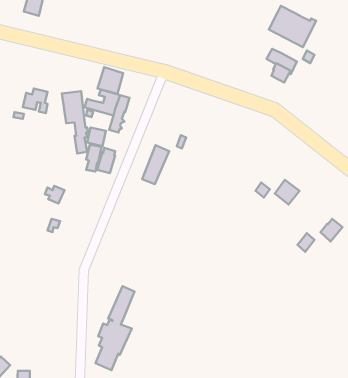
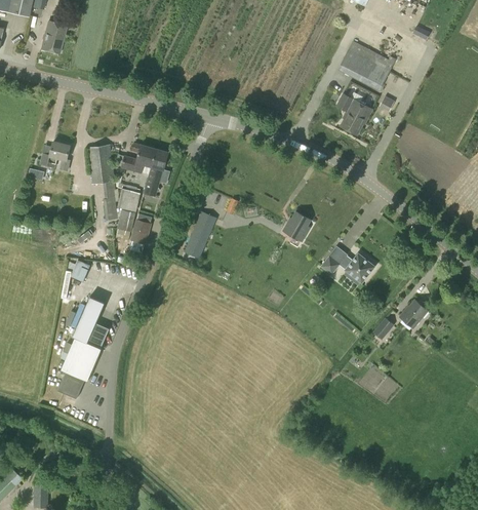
building: [98,67,123,94] -> none
building: none -> [283,211,309,240]
building: [95,286,134,370] -> [56,297,104,398]

